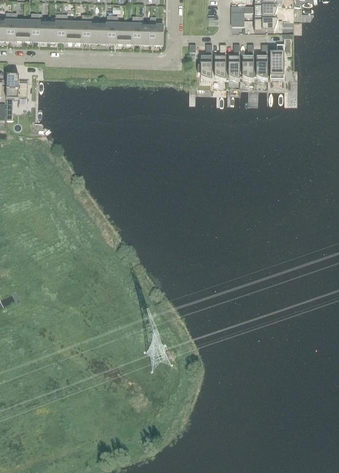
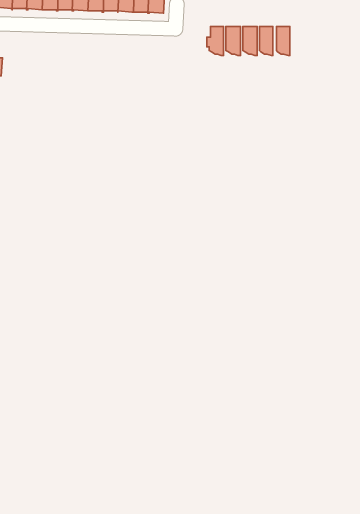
building: [269,44,283,80] -> none

